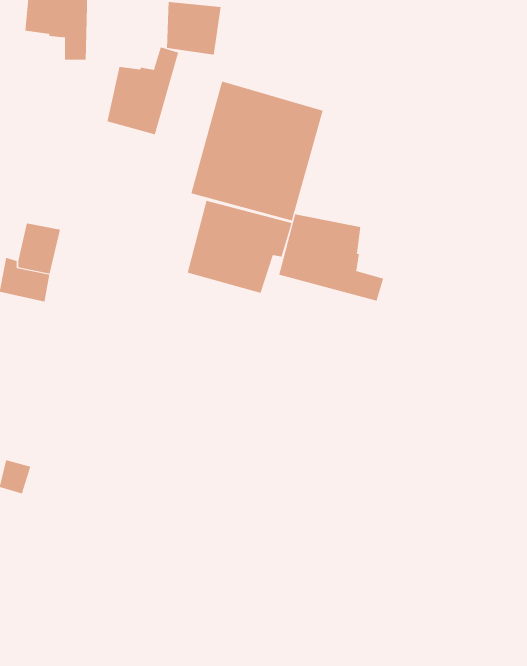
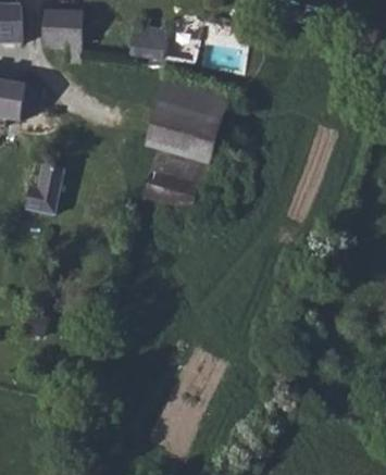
building: [107,46,179,135] -> none
building: [279,213,384,302] -> none

